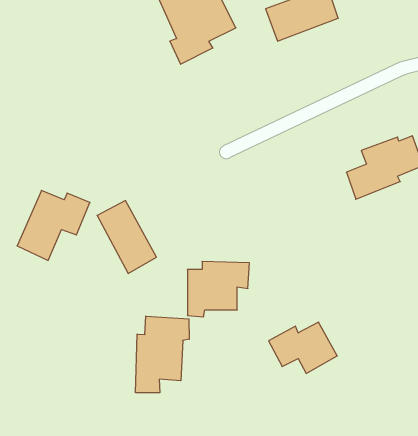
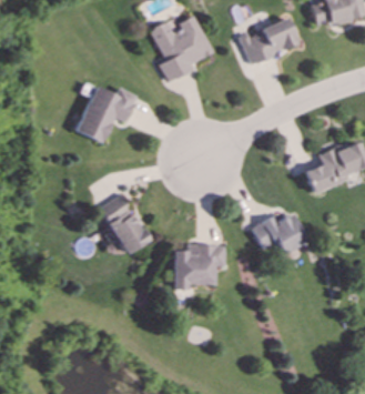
building: [17,190,90,261] -> [78,85,138,143]
building: [136,316,189,393] -> none
building: [269,322,337,373] -> [252,212,308,254]

